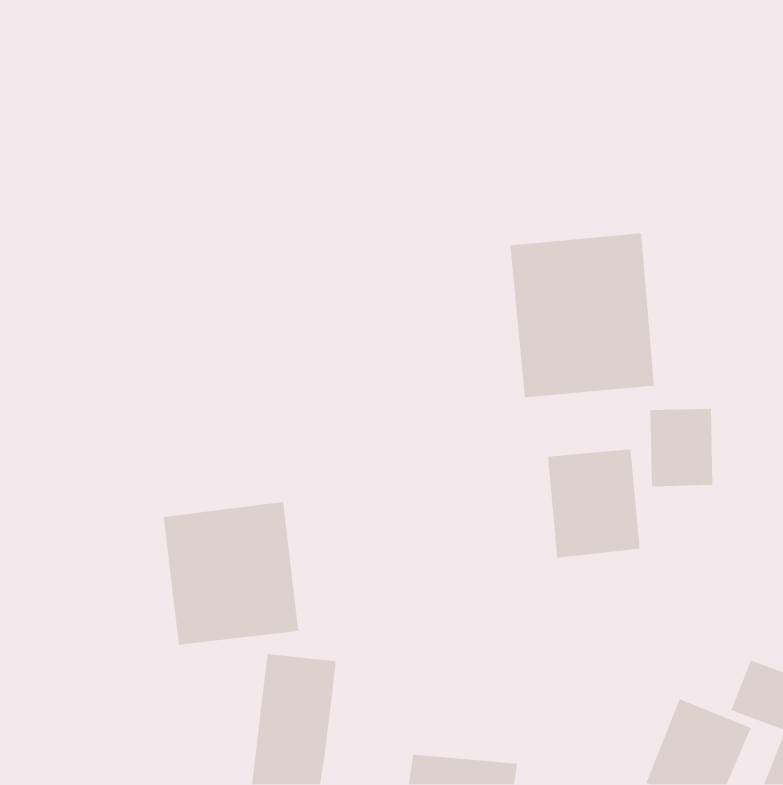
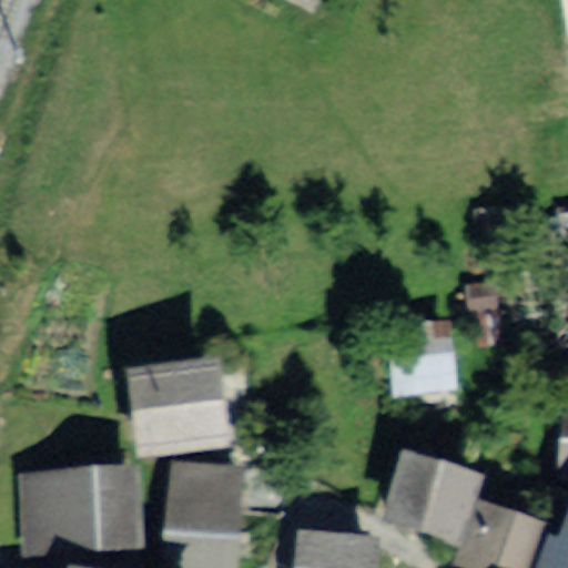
building: [509,233,655,398] -> none
building: none -> [385,448,483,541]
building: none -> [20,469,139,544]

